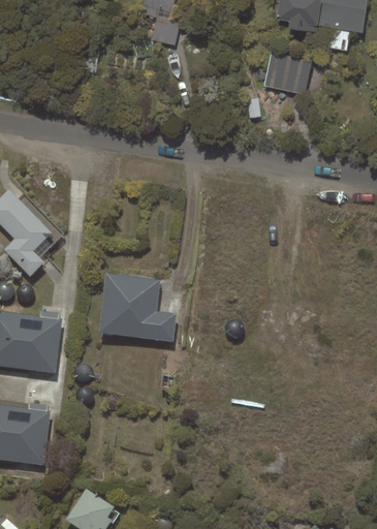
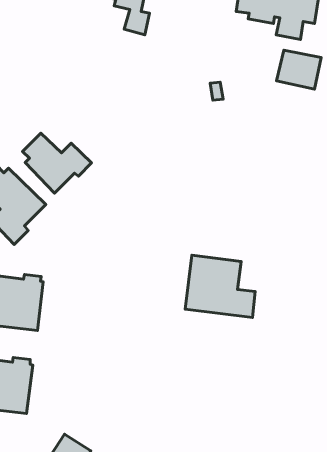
building: [263,52,313,95] -> [276,50,321,89]
building: none -> [23,133,92,193]
building: [99,273,177,342] -> [185,255,255,318]

